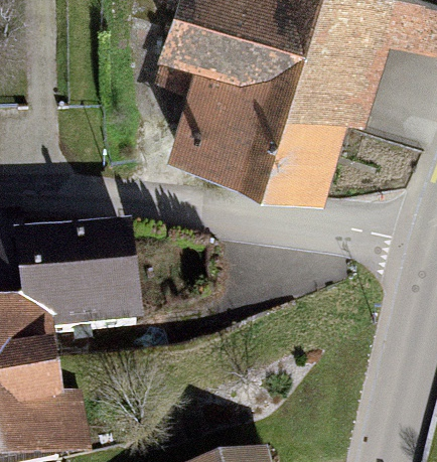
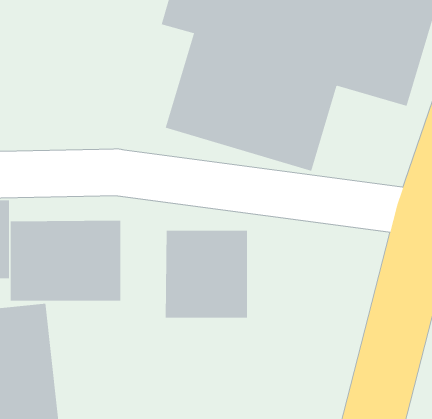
building: none -> [165,230,247,319]

